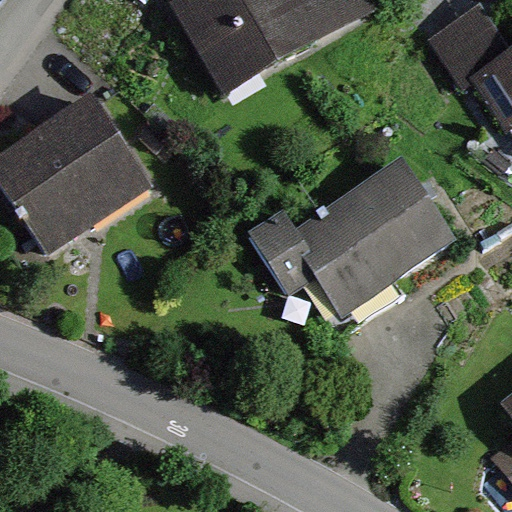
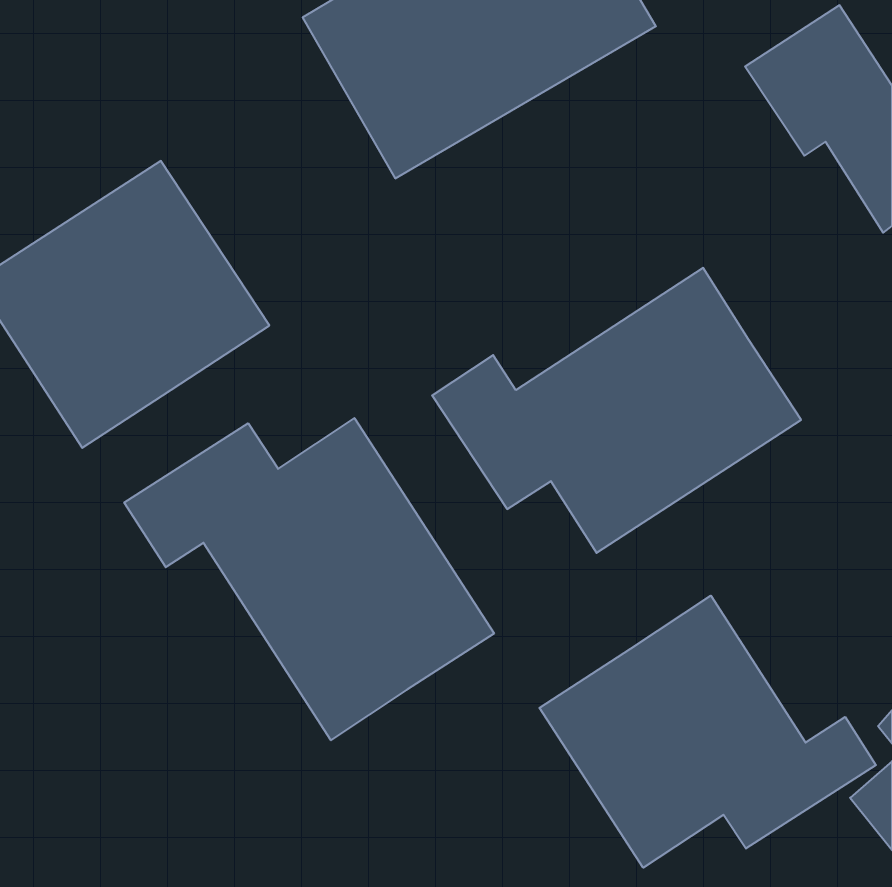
building: none -> [124,418,494,740]
building: none -> [539,596,876,868]

